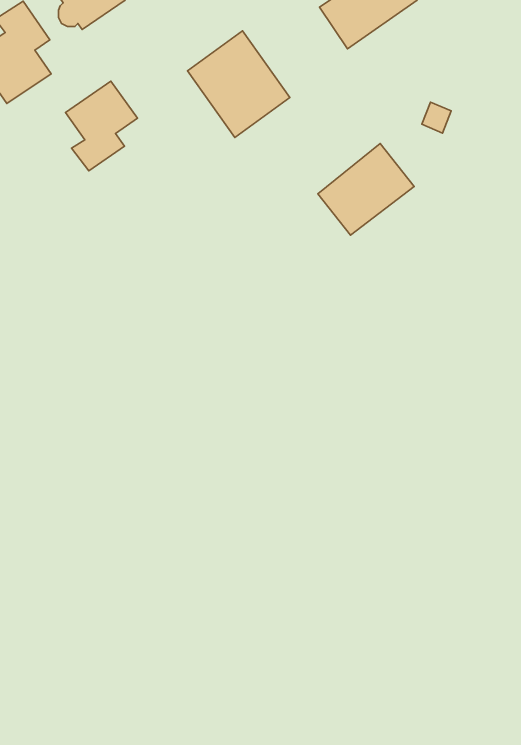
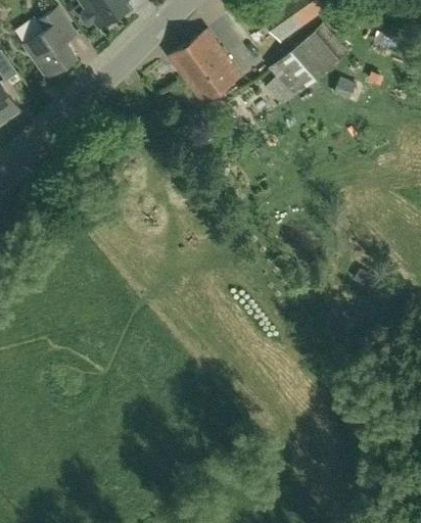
building: [65,81,138,171] -> none
building: [318,143,414,235] -> [272,33,338,96]

